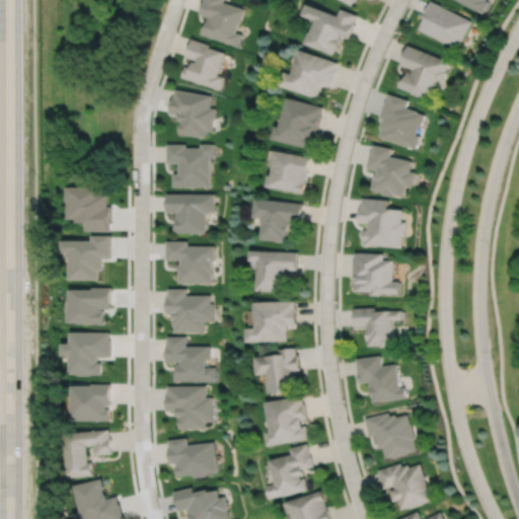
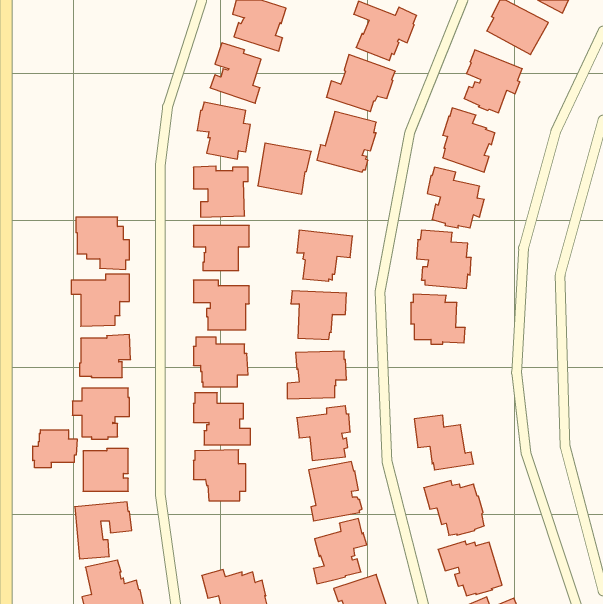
building: [265,150,310,194] -> [258,143,311,194]
building: [351,308,399,348] -> none
building: none -> [33,430,77,468]
building: [166,439,216,478] -> none

